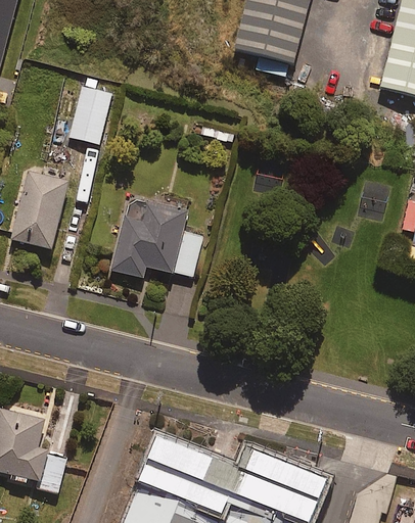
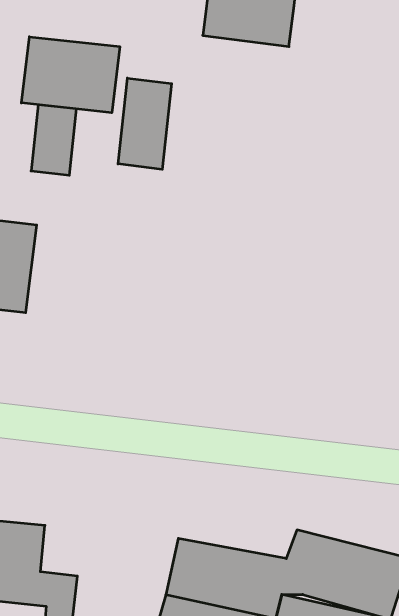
building: none -> [21,37,120,113]
building: none -> [118,78,172,169]
building: [111,196,203,278] -> none

